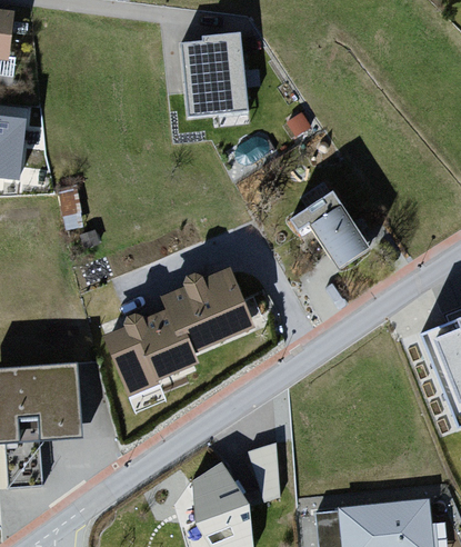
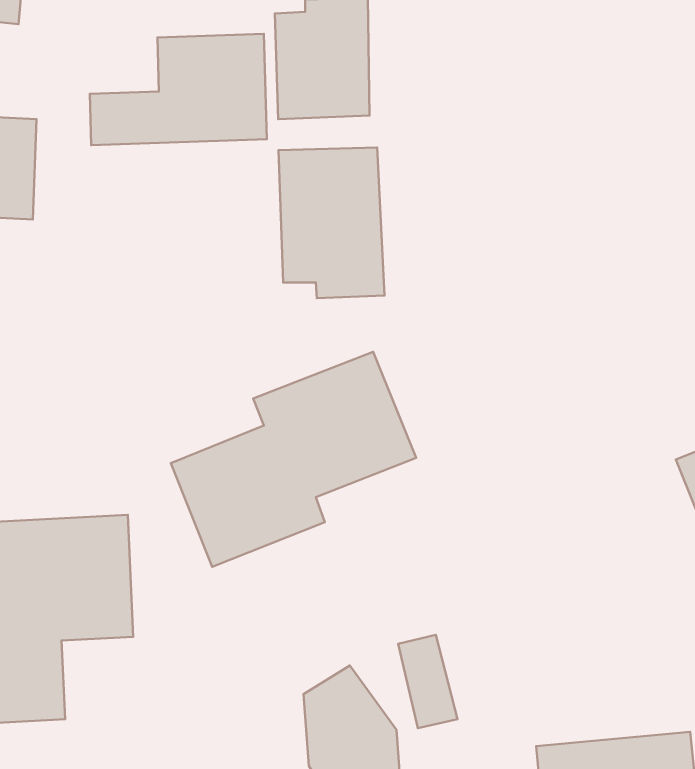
building: none -> [90,34,267,145]
building: none -> [279,148,385,298]
building: [290,192,375,275] -> none

